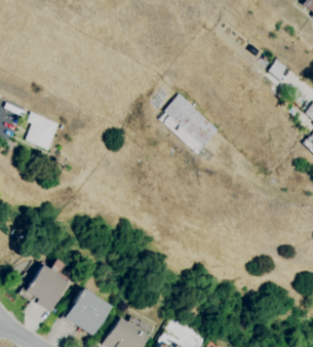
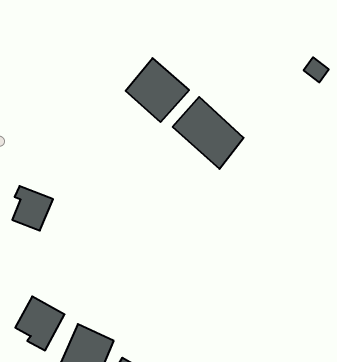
building: none -> [126,58,189,122]
building: [26,112,61,150] -> [12,186,53,231]

